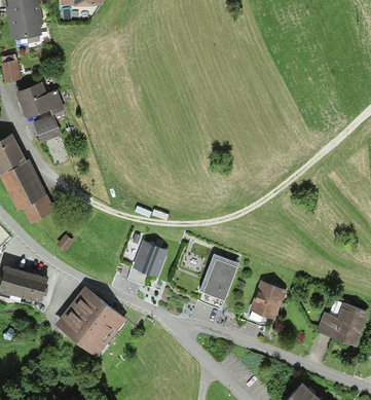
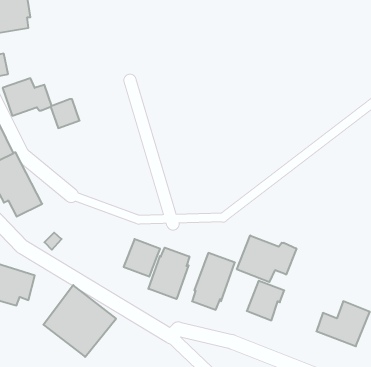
building: [32,117,60,145] -> [51,99,80,128]
building: none -> [237,235,296,282]
building: none -> [148,248,189,299]

